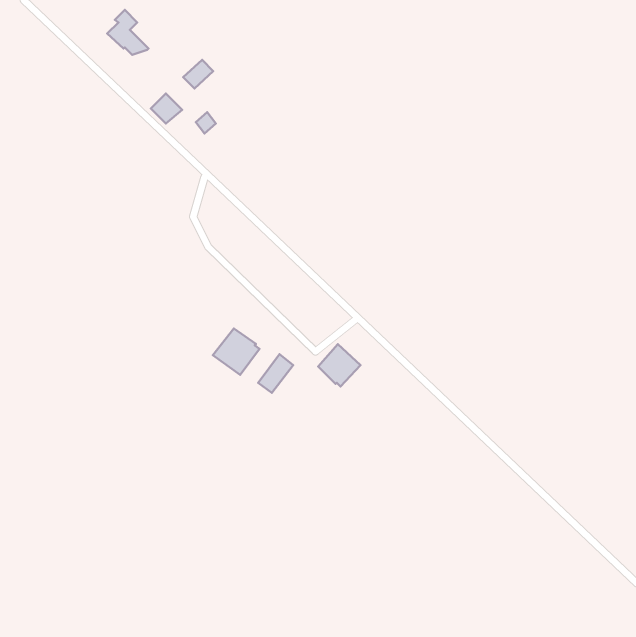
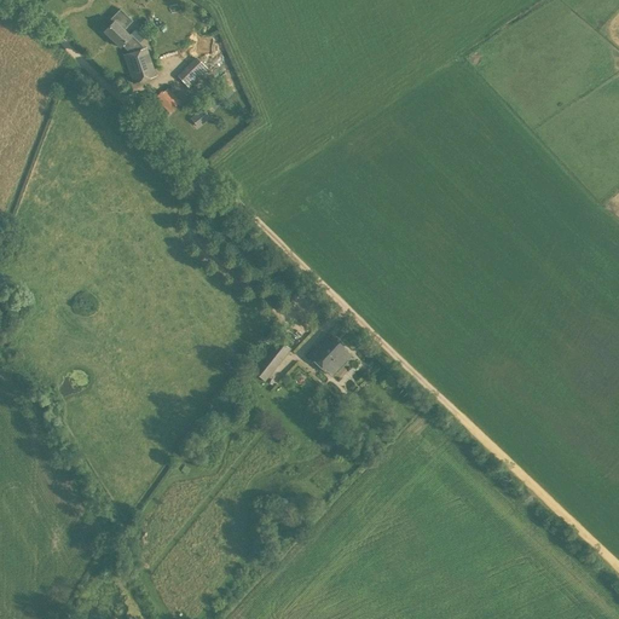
building: none -> [125,47,156,82]
building: [213,328,260,375] -> none

